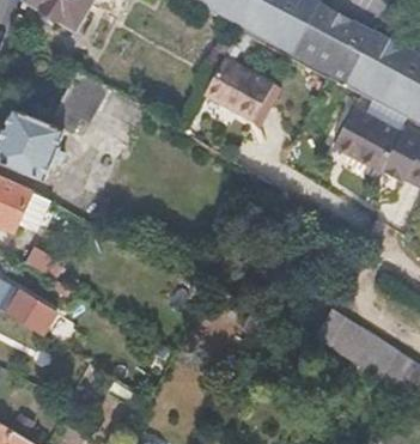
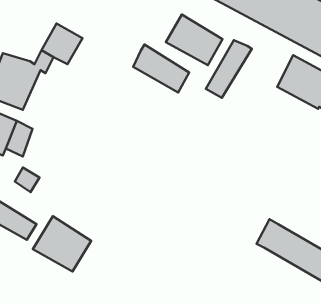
building: none -> [206,40,252,98]
building: none -> [133,44,189,92]
building: none -> [33,216,91,271]

